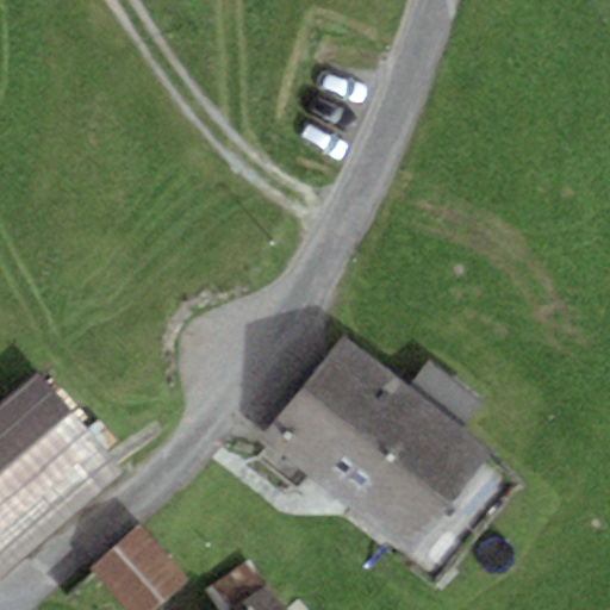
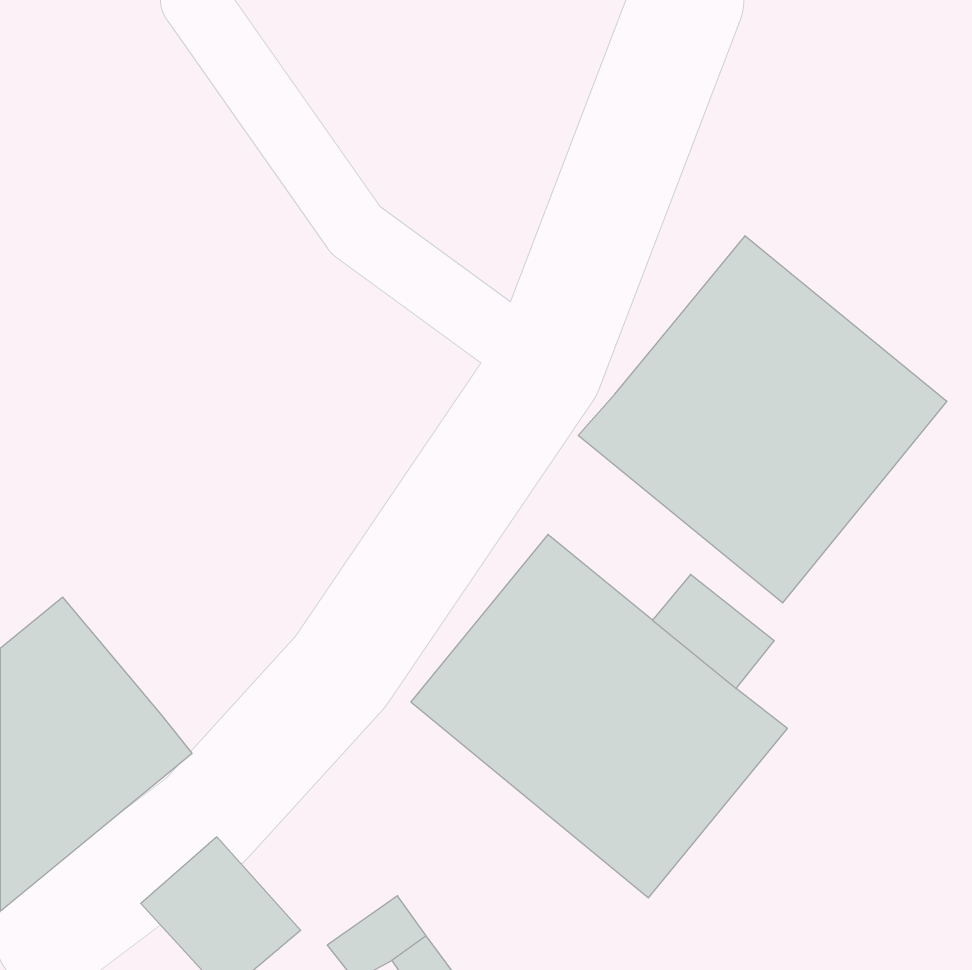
building: none -> [578,236,947,603]

